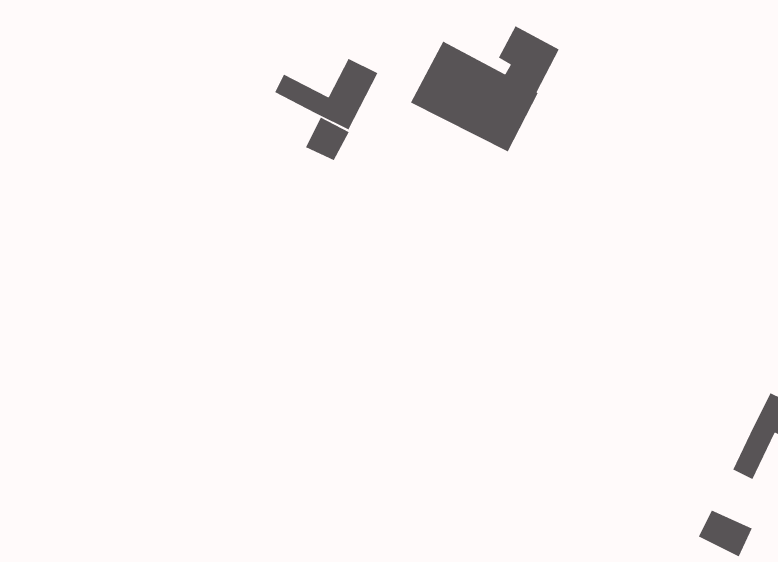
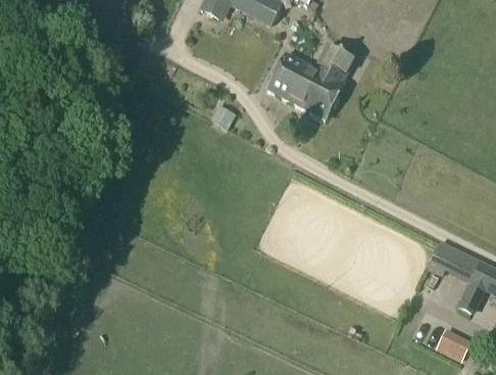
building: [274,58,378,131] -> none
building: none -> [427,240,480,281]

